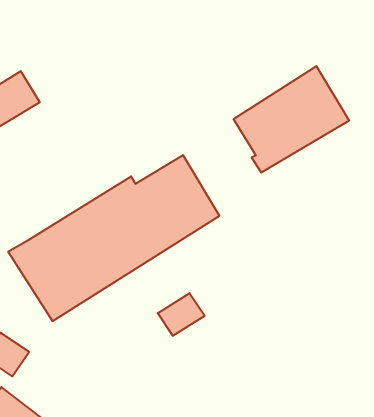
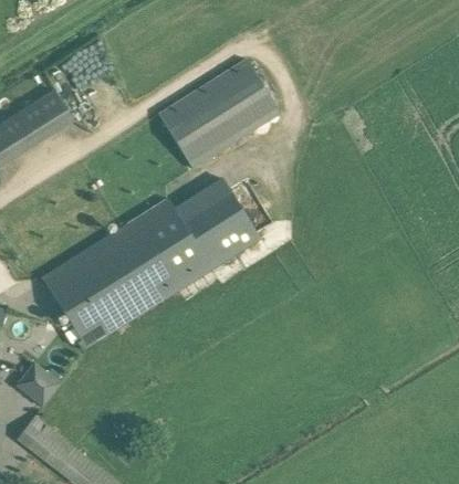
building: [234,66,349,172] -> [159,57,280,168]
building: [158,293,205,336] -> none

